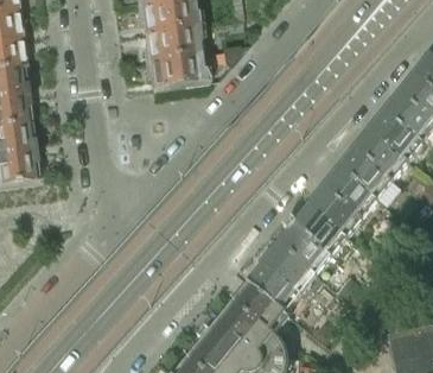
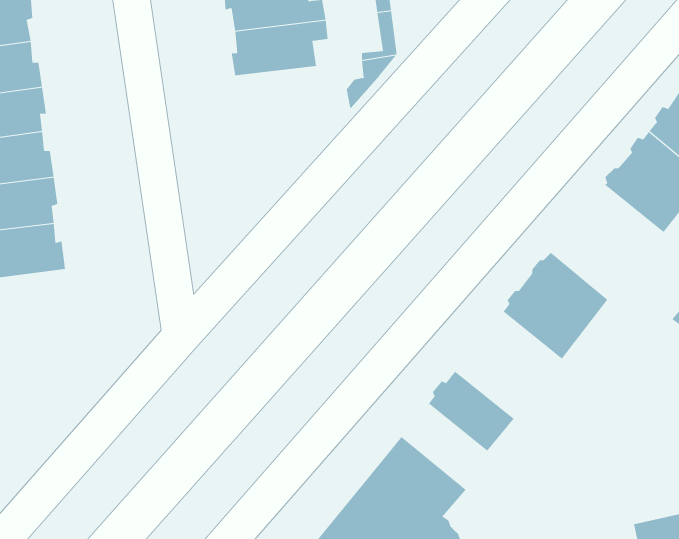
building: [146,51,210,87] -> none
building: [342,125,412,196] -> none
building: [282,203,349,270] -> none
building: [249,260,303,314] -> none

